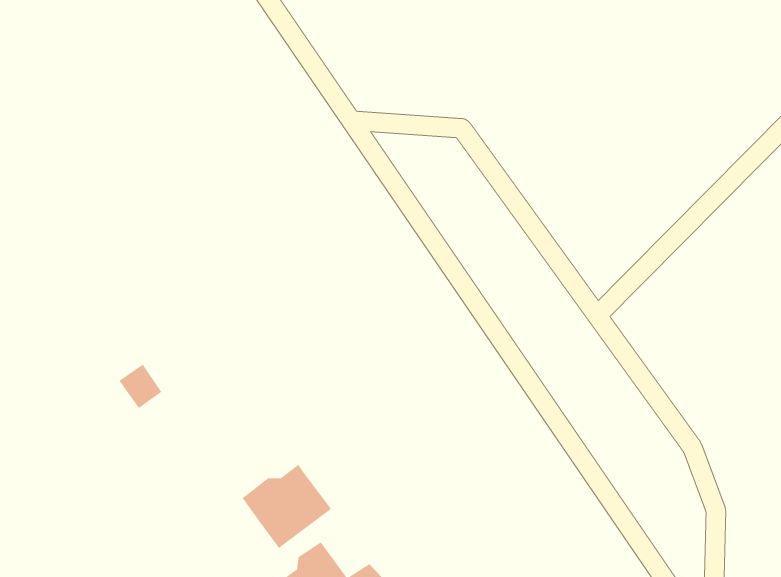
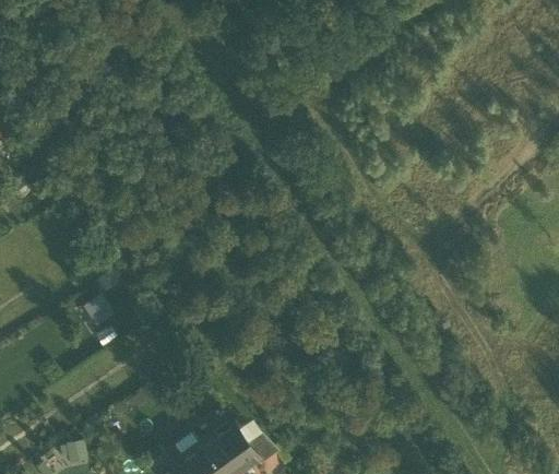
building: [242,464,332,549] -> none

